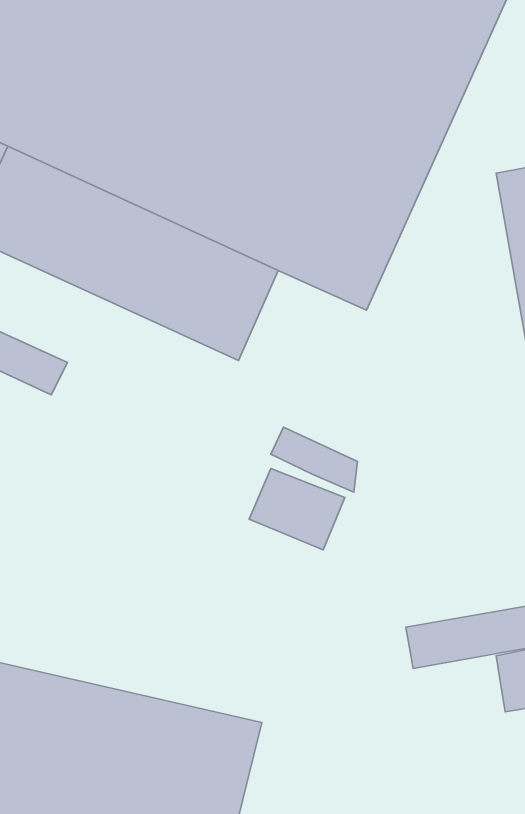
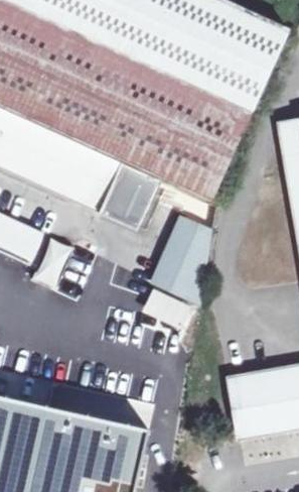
building: none -> [161,219,210,286]
building: none -> [234,395,285,439]

